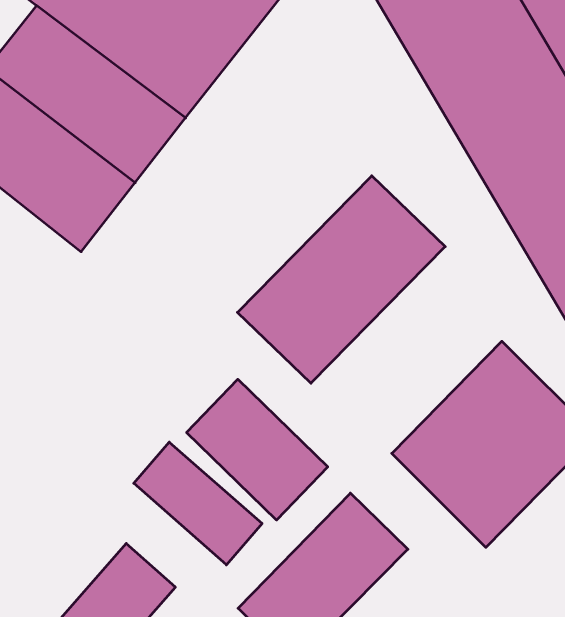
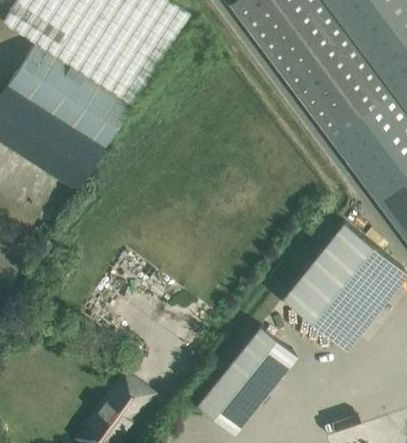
building: [237,176,445,383] -> none
building: [187,379,328,520] -> none
building: [134,442,262,565] -> none

